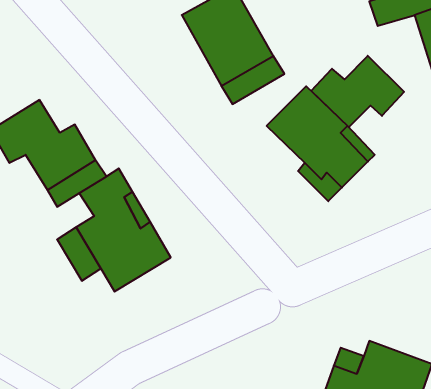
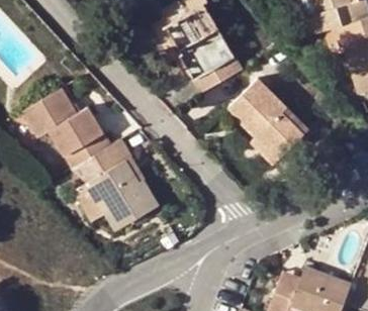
building: [311,56,404,127] -> none

